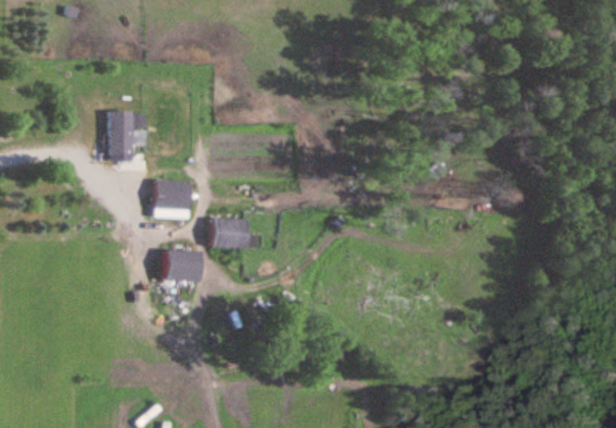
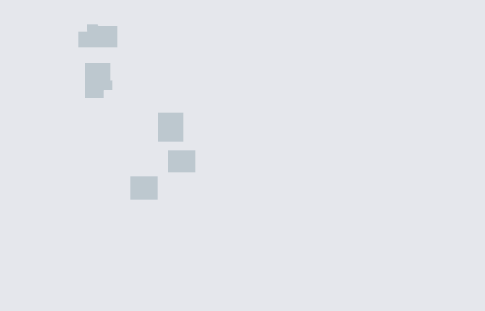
building: none -> [78,24,118,48]
building: [155,182,189,219] -> [157,112,184,142]

